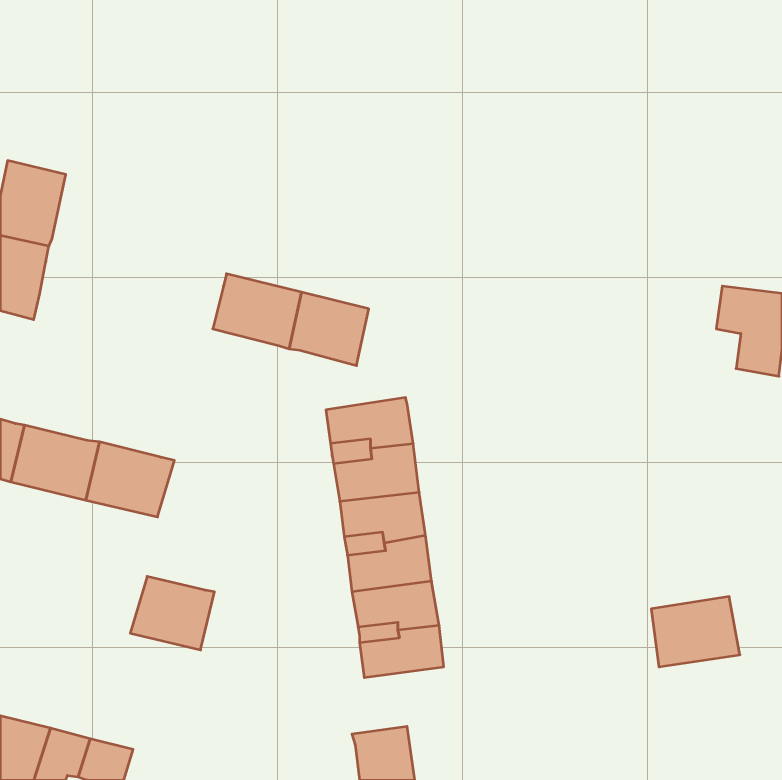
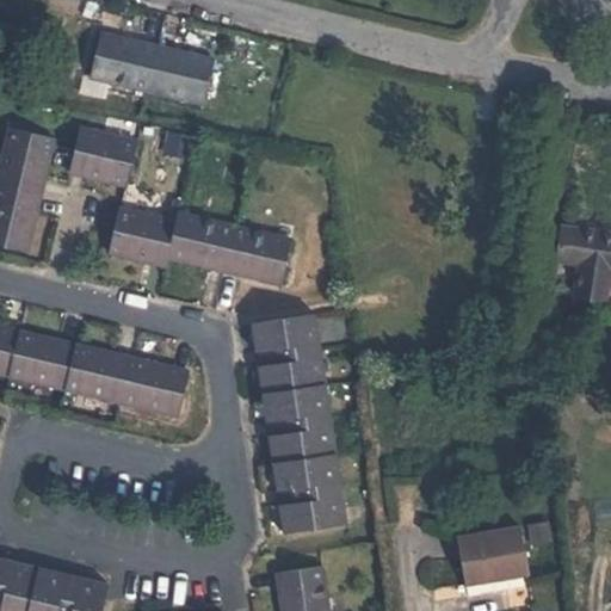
building: none -> [86,32,209,107]
building: none -> [69,128,134,184]
building: none -> [107,209,174,265]
building: [130,576,214,650] -> [123,359,189,416]
building: [651,597,740,667] -> [461,529,530,584]

